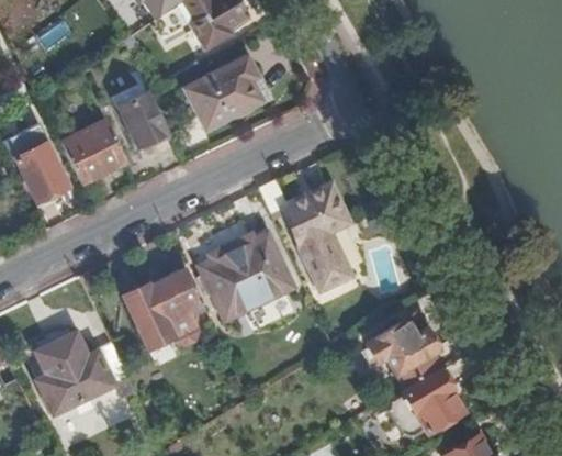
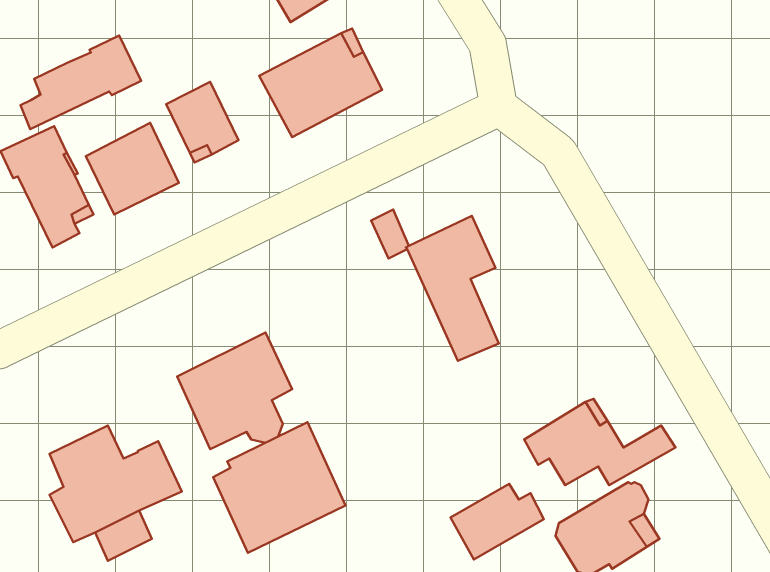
building: none -> [20,35,141,129]
building: [202,226,294,318] -> [213,422,345,553]
building: none -> [450,484,544,559]

